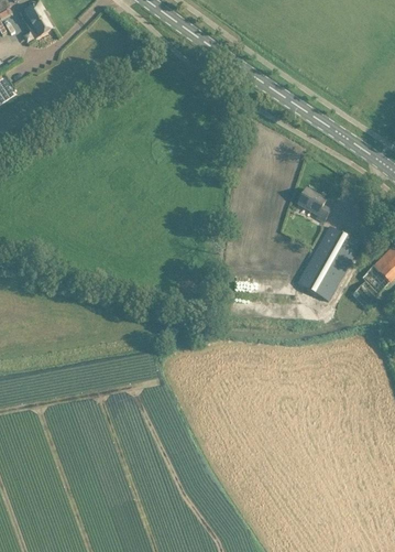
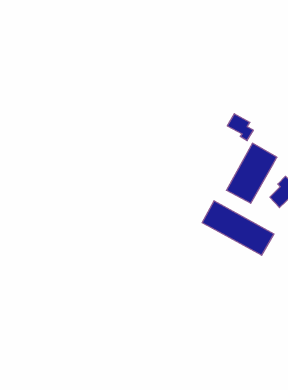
building: none -> [202,201,274,255]

